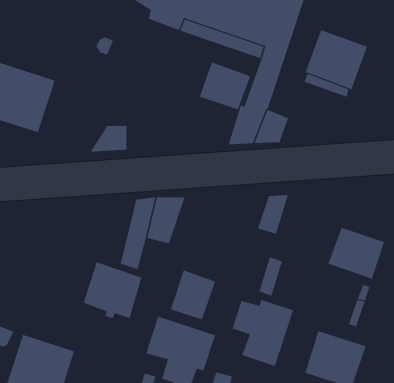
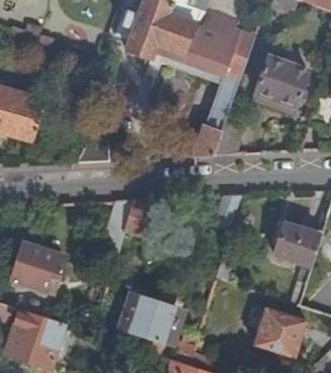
building: [199,62,251,110] -> none
building: [83,262,142,319] -> [12,244,62,291]
building: [170,270,216,320] -> none
building: [232,299,294,367] -> none

